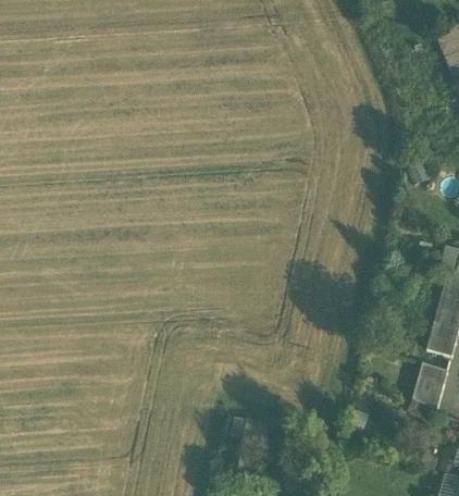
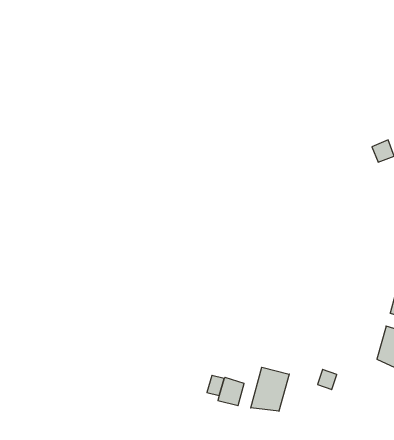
building: none -> [251,367,289,411]

